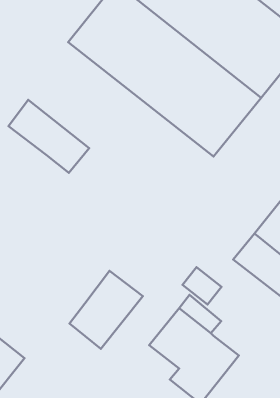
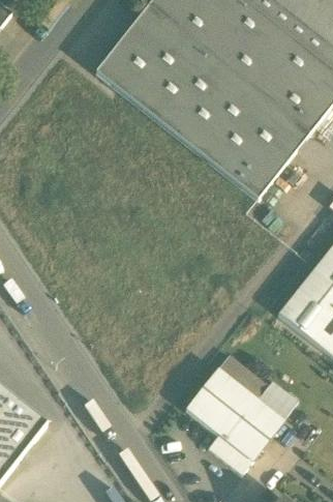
building: [9,100,89,173] -> none
building: [182,267,222,305] -> [255,380,299,421]
building: [69,271,143,349] -> none

